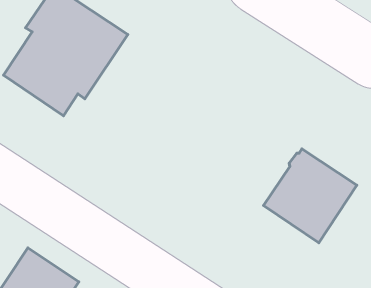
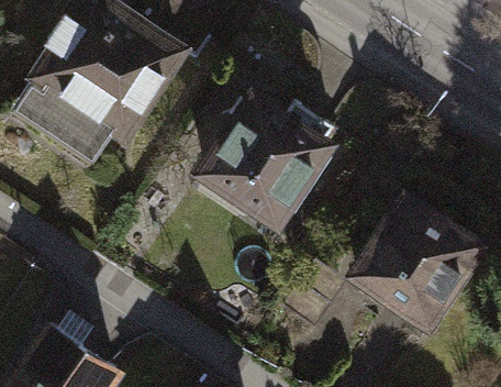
building: none -> [204,101,332,222]

